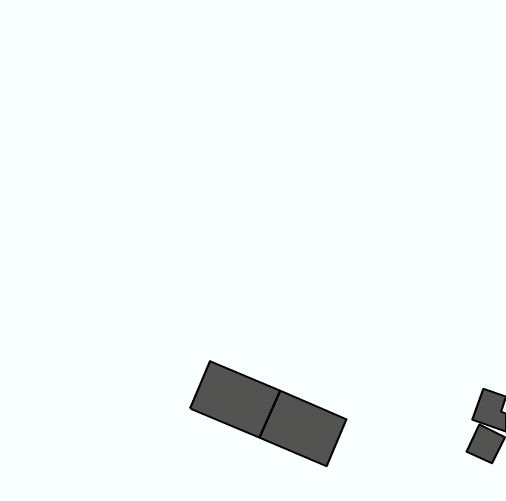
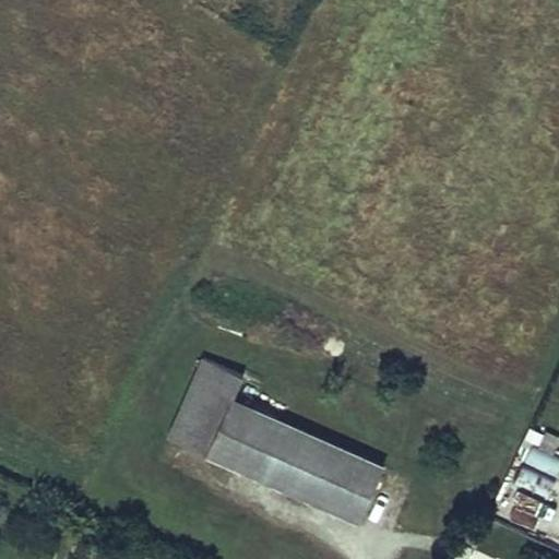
building: none -> [167,362,245,462]

